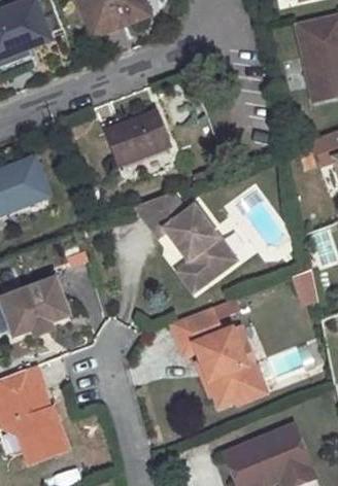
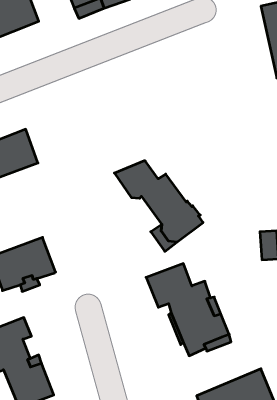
building: [108,110,171,165] -> none

